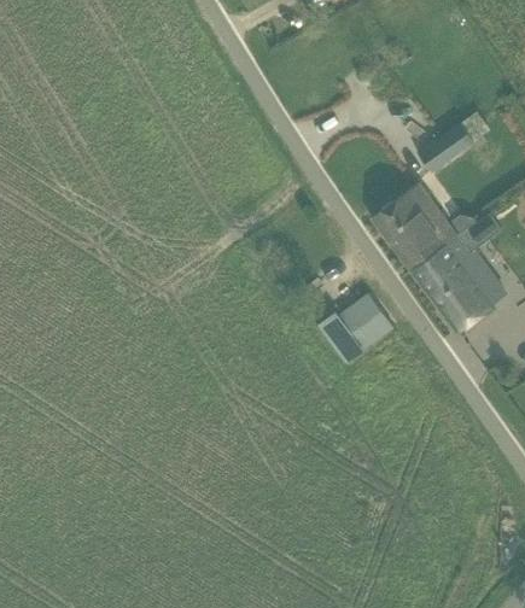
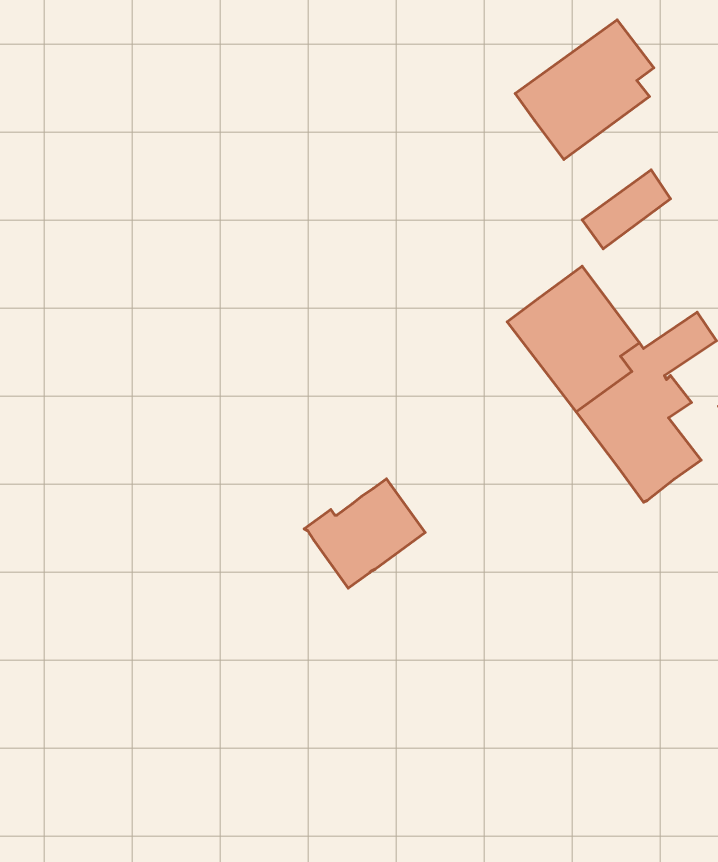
building: none -> [515,20,654,159]
building: [319,292,395,361] -> [304,479,425,588]

